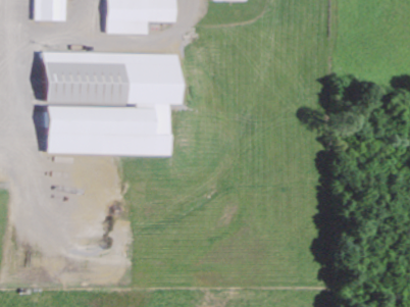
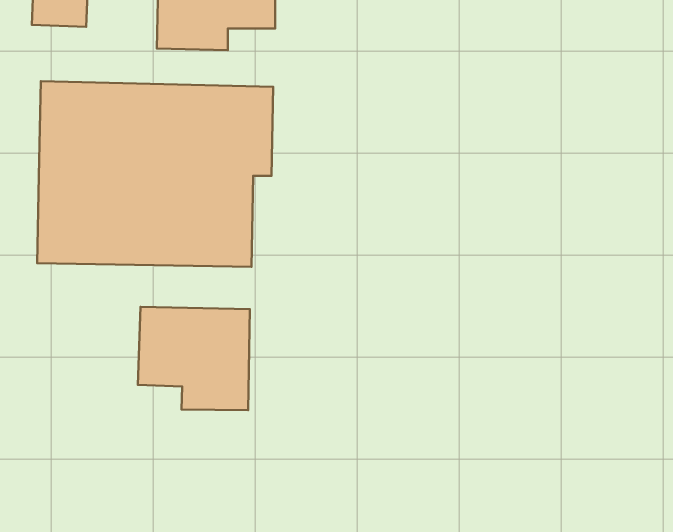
building: none -> [138,307,250,410]

